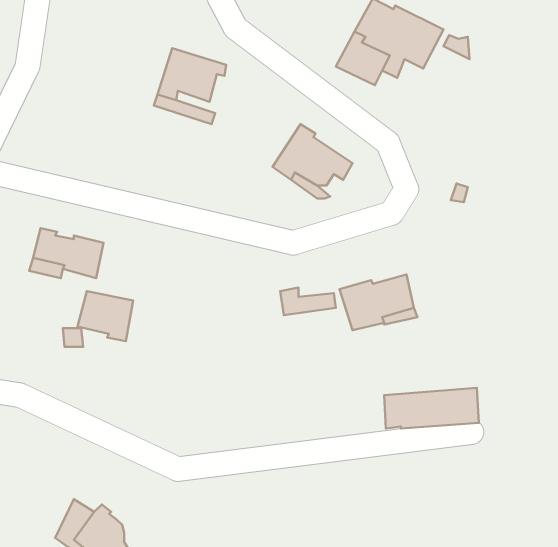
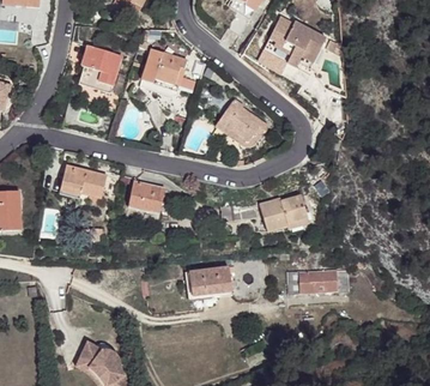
building: none -> [78,44,121,91]
building: [77,291,133,341] -> [128,180,164,212]
building: none -> [189,265,231,295]

